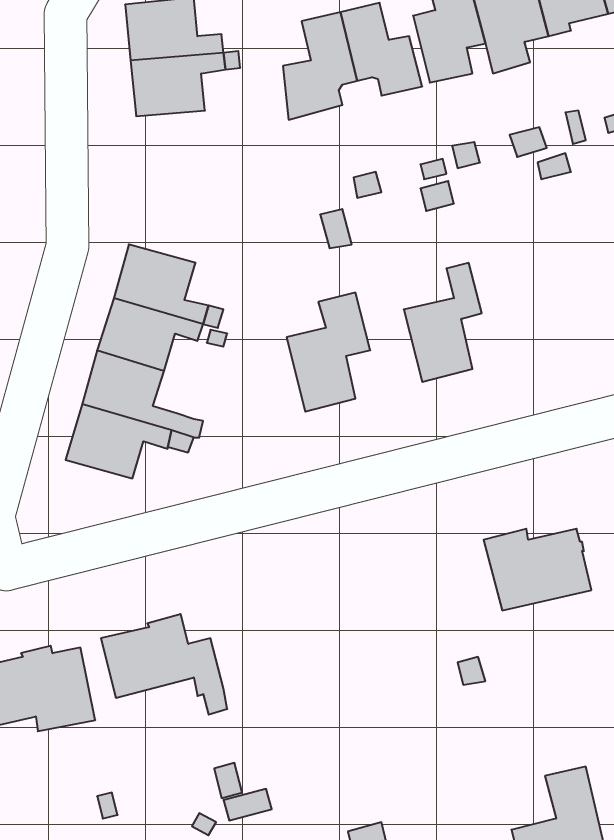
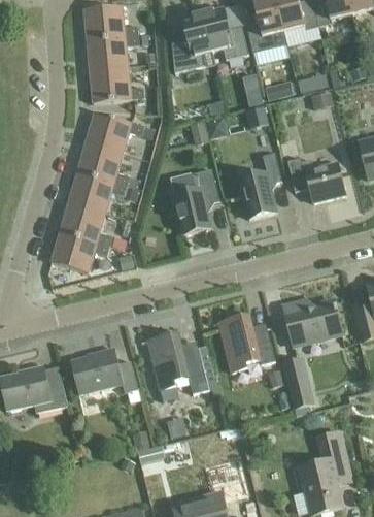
building: none -> [90,67,144,102]
building: none -> [86,110,154,152]
building: none -> [286,157,345,201]
building: none -> [218,314,275,371]
building: none -> [147,331,217,400]
building: none -> [282,357,313,409]

